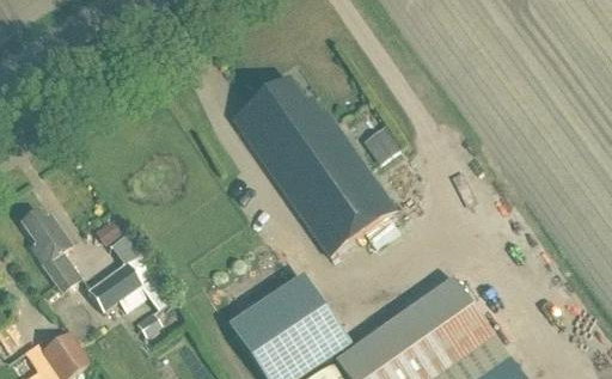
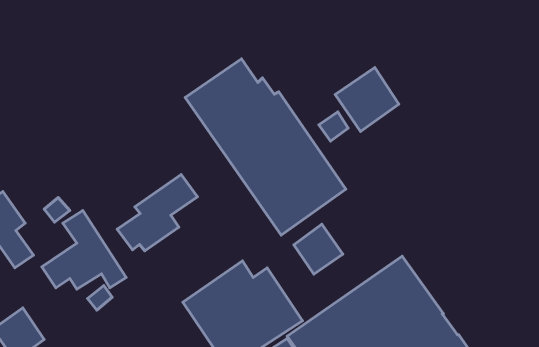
building: none -> [335,68,399,131]
building: none -> [117,174,197,251]
building: none -> [294,224,343,274]

